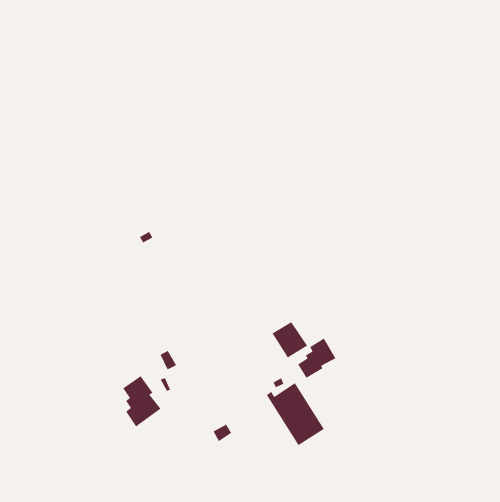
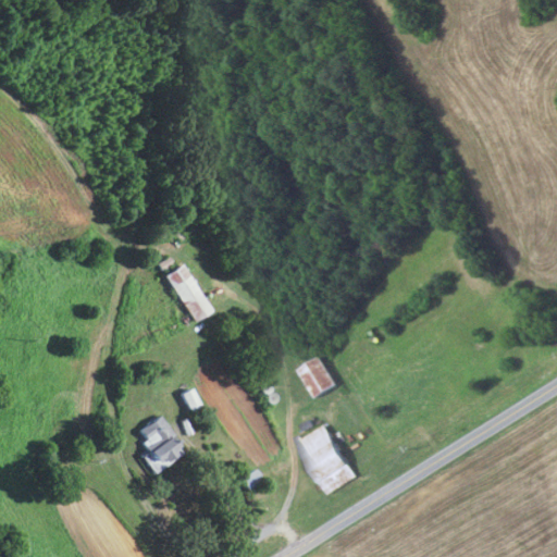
building: none -> [162,263,211,322]
building: [297,337,336,379] -> none

